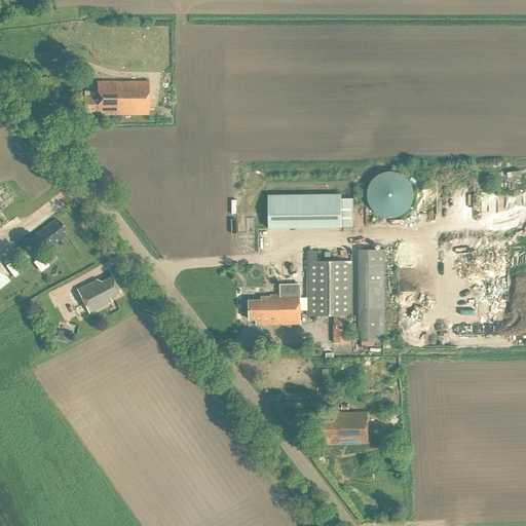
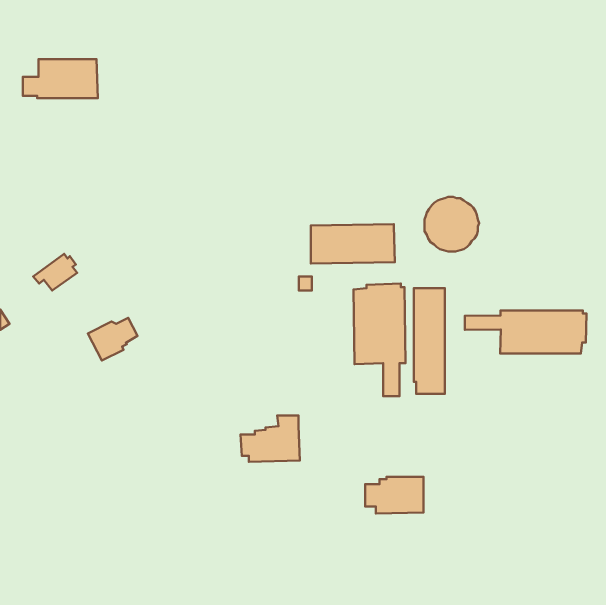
building: [82,81,147,115] -> [23,59,98,98]
building: none -> [465,311,587,354]
building: [249,285,300,325] -> [241,416,300,462]

